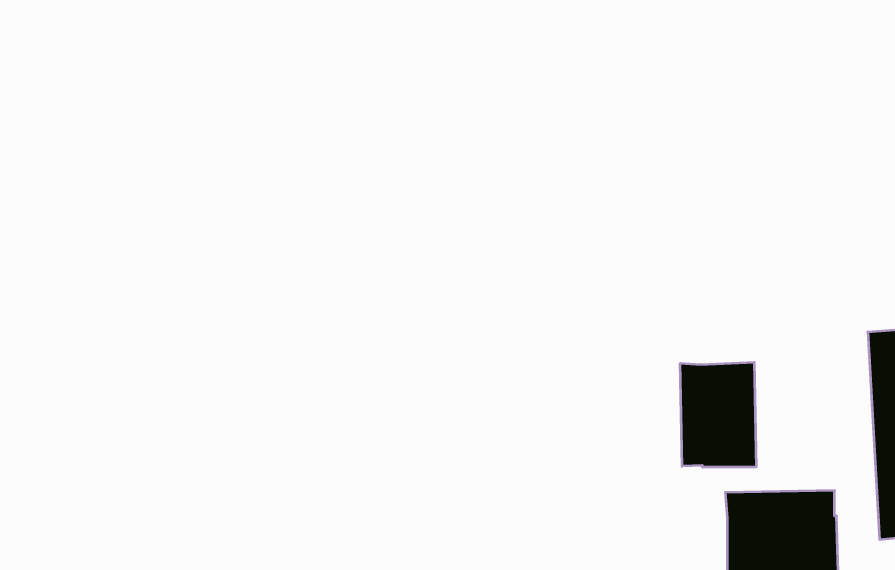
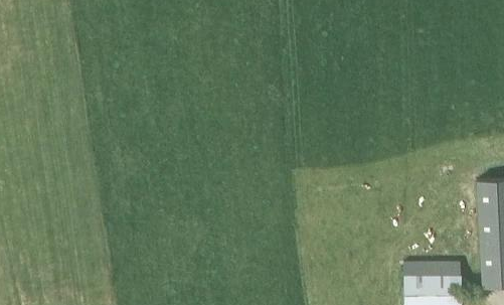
building: [680,362,756,467] -> none

